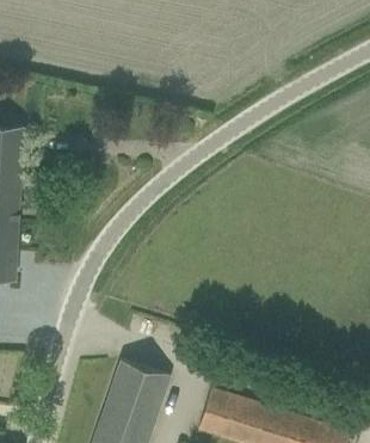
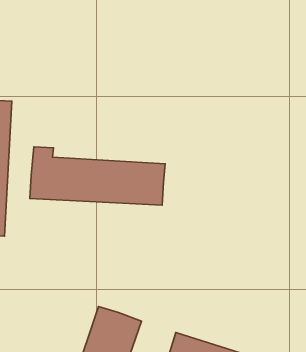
building: none -> [30,147,165,205]

